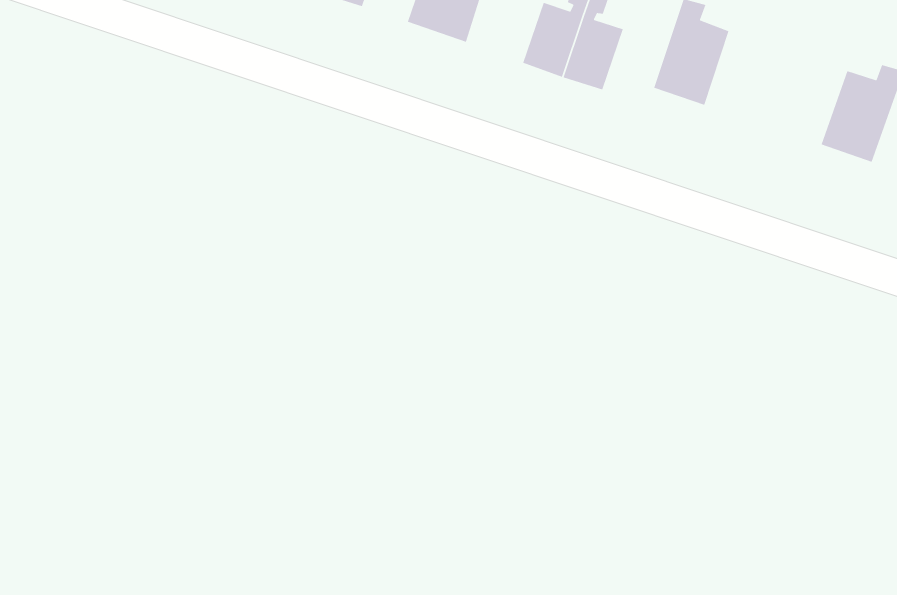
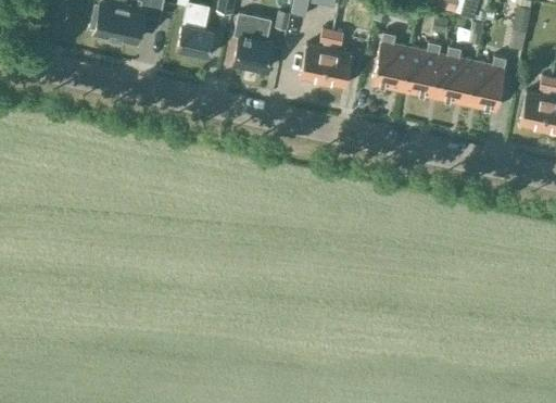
building: none -> [401,42,441,97]
building: none -> [437,47,476,104]

